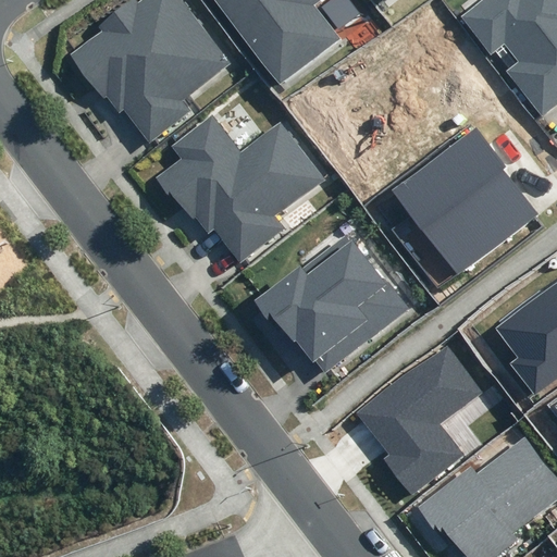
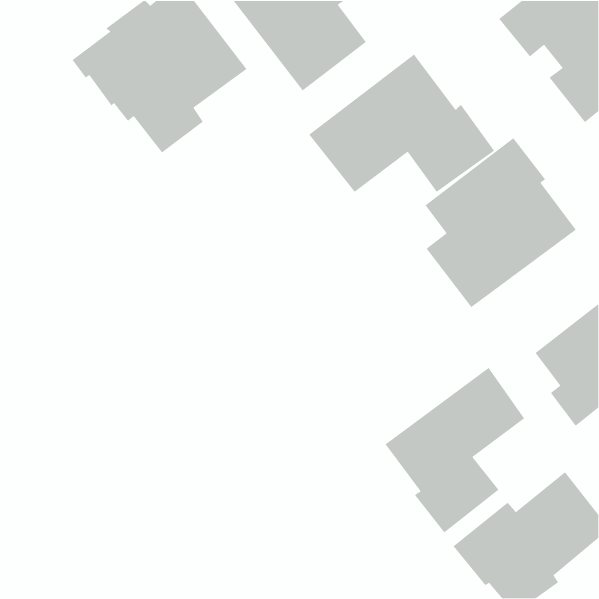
building: none -> [308,54,495,193]
building: [156,115,324,264] -> none
building: [253,232,408,372] -> none

